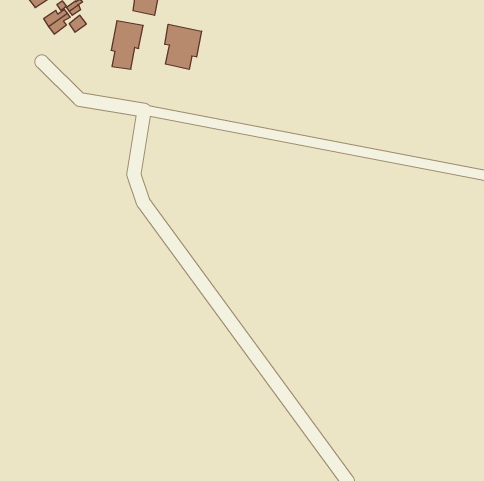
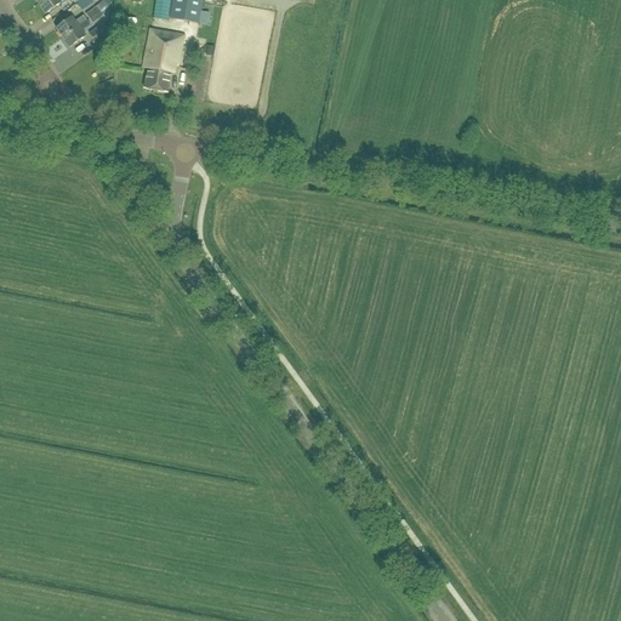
building: [165,24,202,69] -> none

